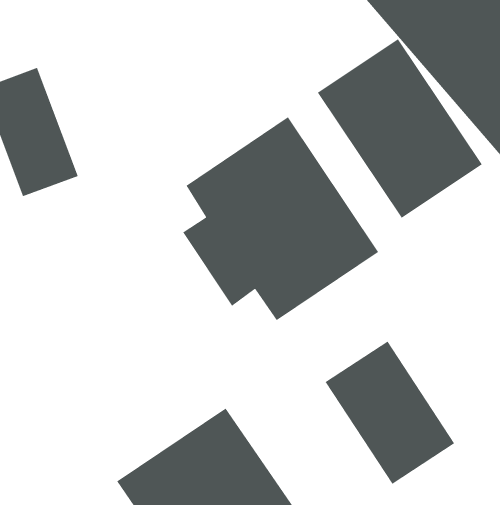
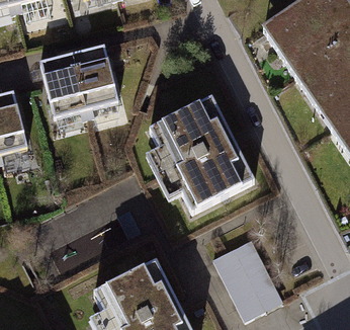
building: [317,38,483,219] -> none
building: none -> [73,43,121,115]

